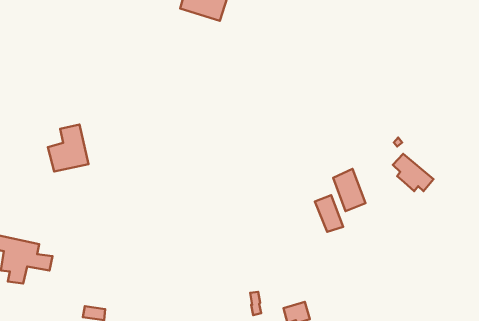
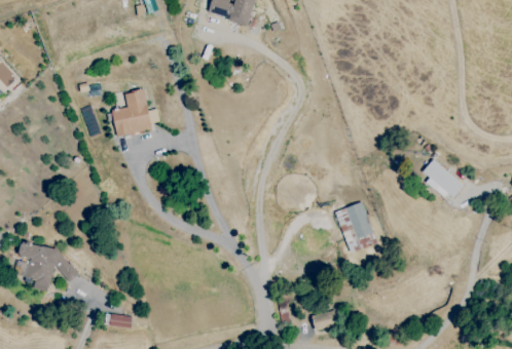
building: [48,125,88,171] -> [110,88,151,135]
building: [333,169,366,211] -> none

